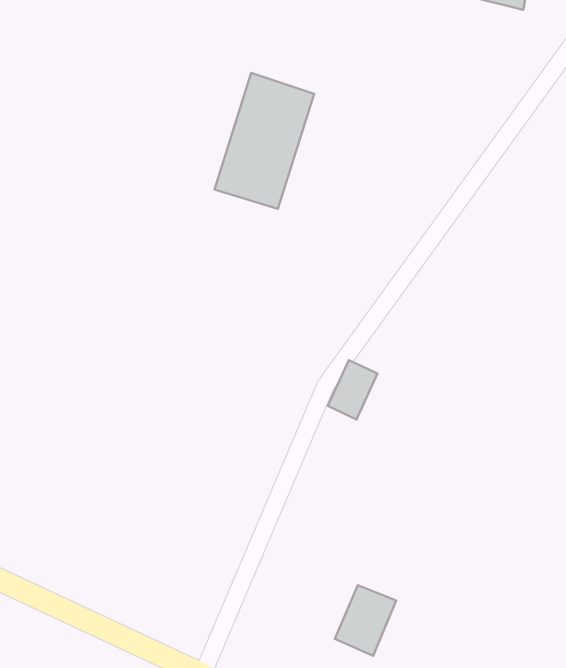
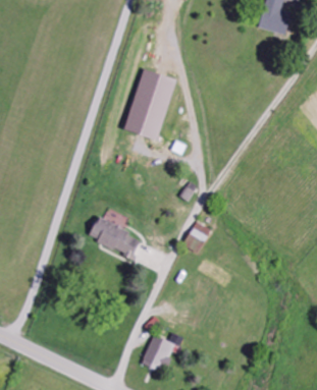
building: none -> [89,218,141,255]
building: [335,585,396,656] -> [142,334,174,372]

